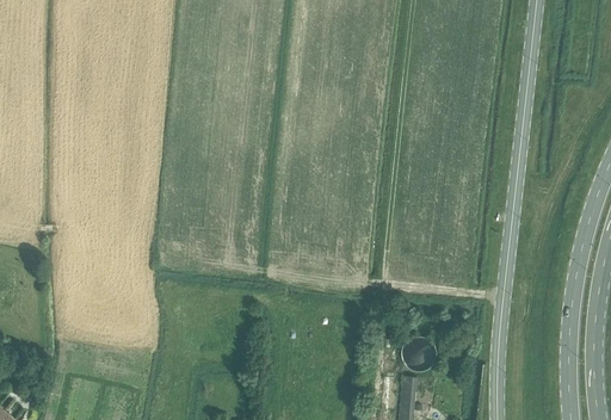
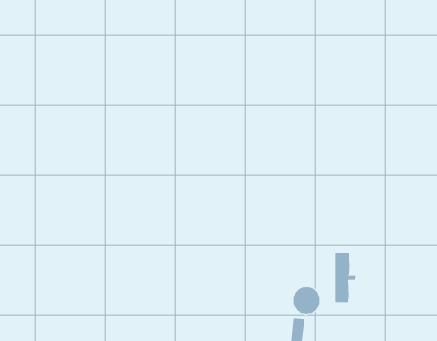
building: none -> [335,252,356,303]

